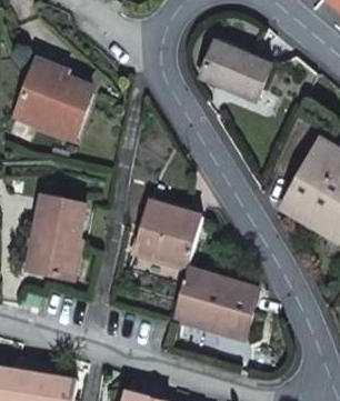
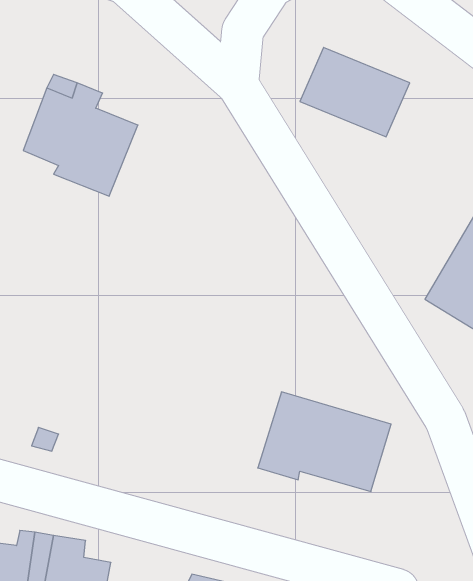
building: [26,196,86,278] -> none
building: [133,201,201,268] -> none

